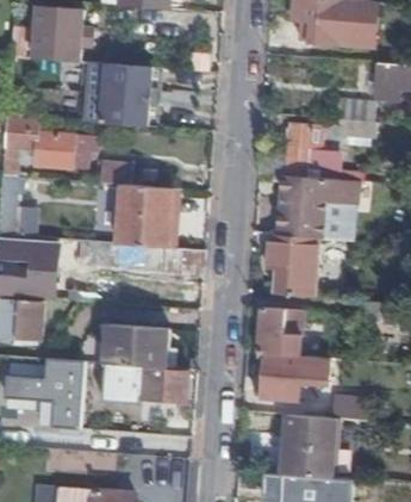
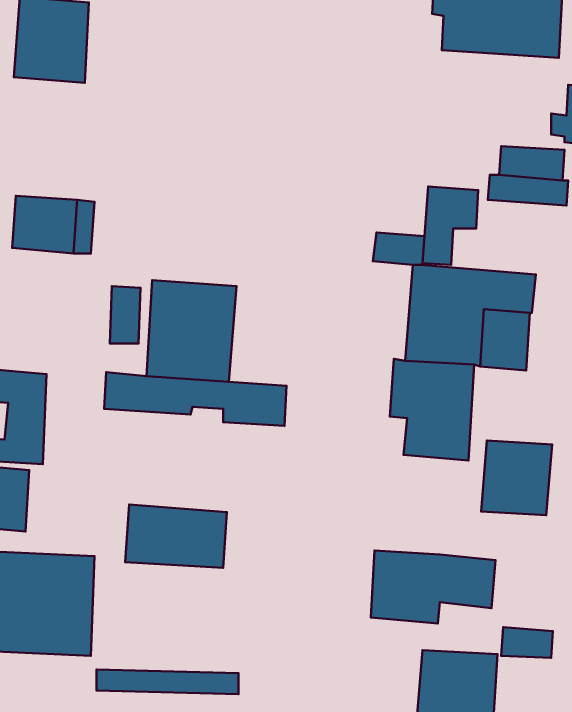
building: [82,62,160,128] -> none
building: [257,309,301,355] -> [481,441,552,515]
building: [101,362,186,399] -> none

